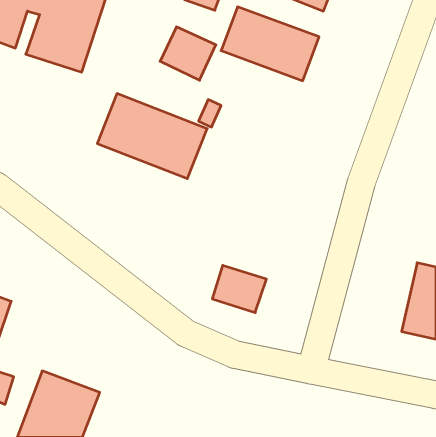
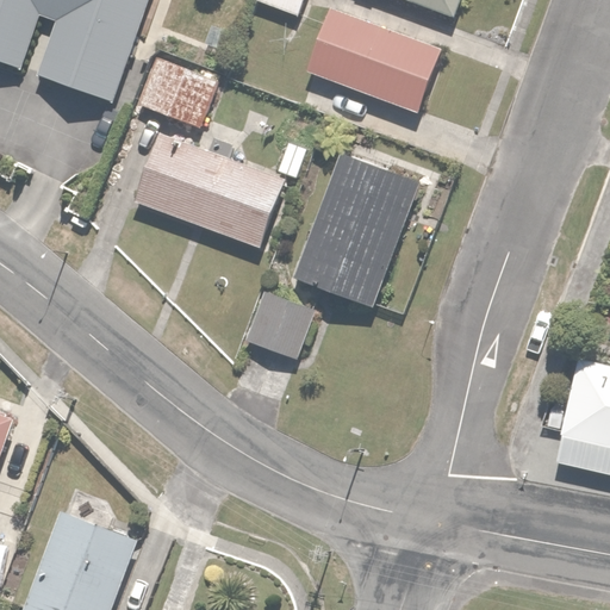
building: [160,27,216,80] -> [133,54,211,127]
building: none -> [288,154,417,307]
building: [212,265,266,313] -> [239,292,315,357]

